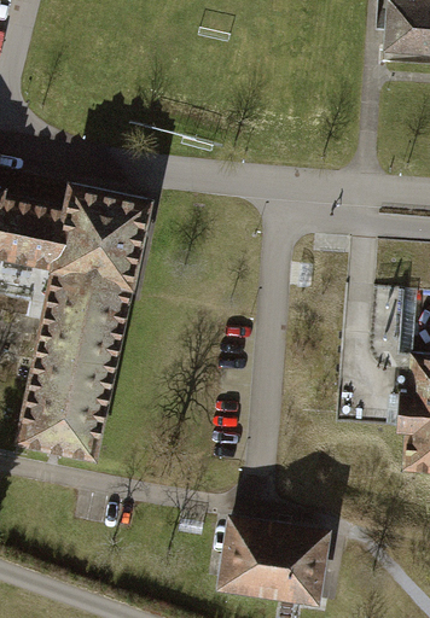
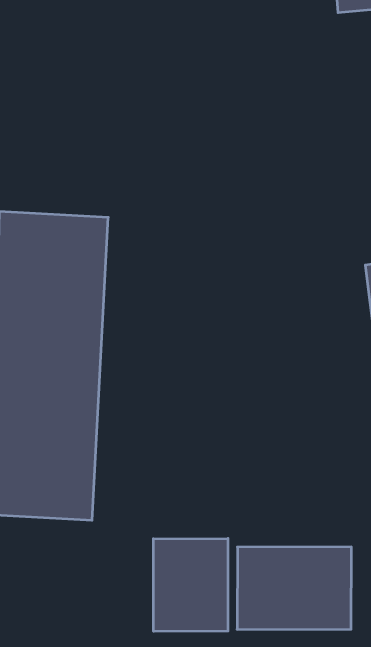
building: none -> [153,538,228,631]

